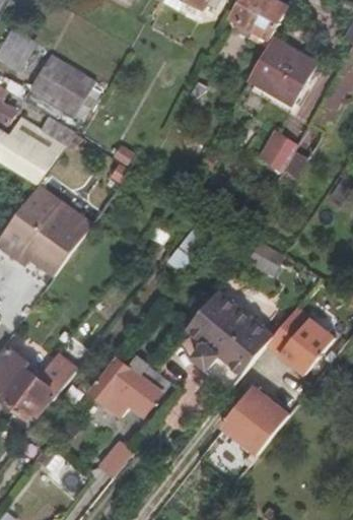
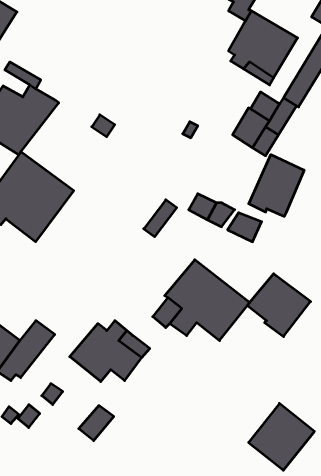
building: [24,50,90,114] -> none
building: none -> [249,155,304,216]
building: [221,385,288,453] -> [249,403,314,470]

